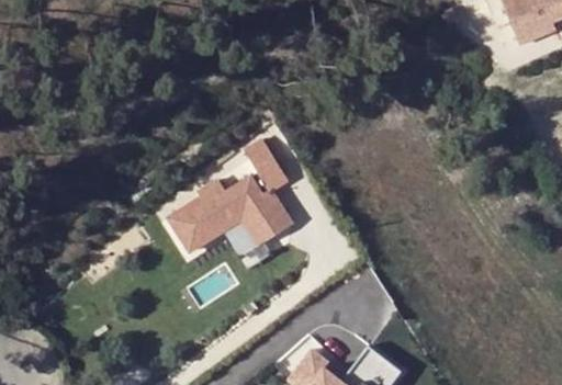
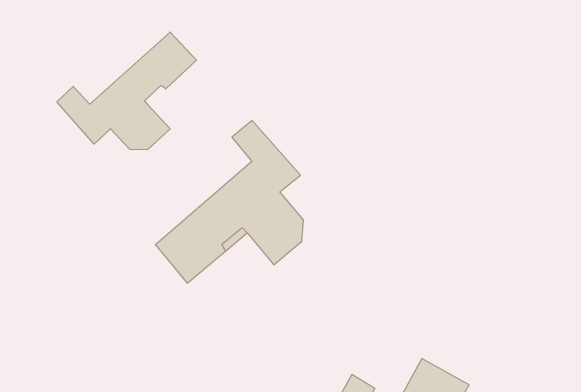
building: none -> [57,32,197,150]

